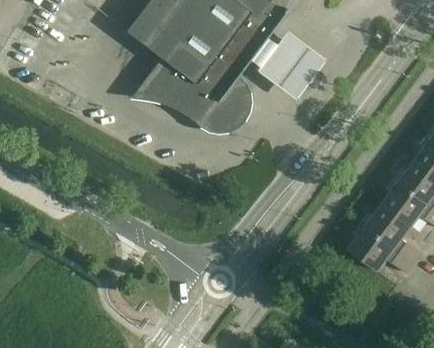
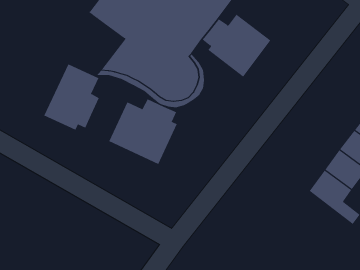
building: none -> [43,63,100,131]
building: none -> [109,99,177,165]
building: [348,225,414,272] -> none

